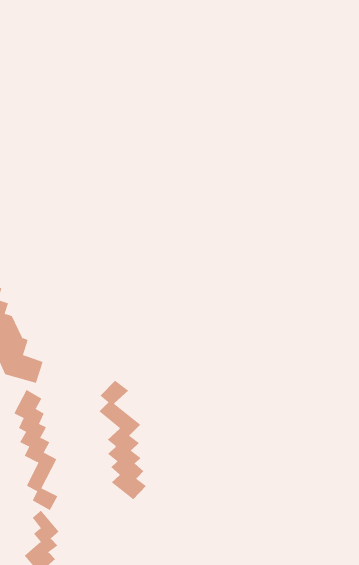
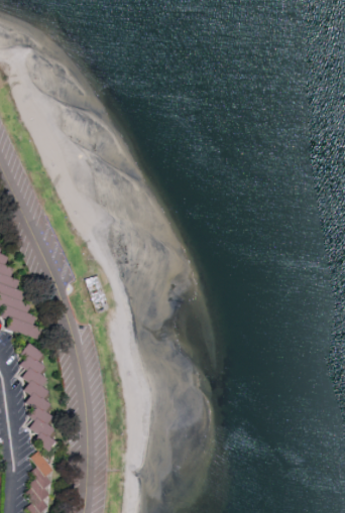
building: [99,380,147,500] -> none

